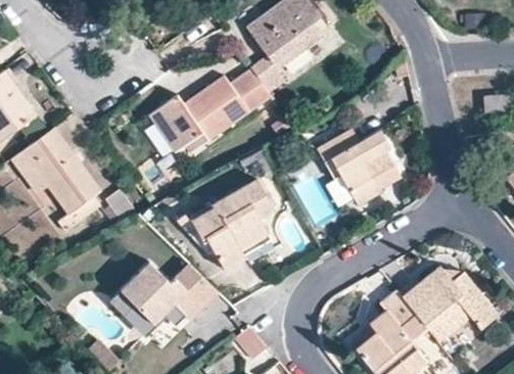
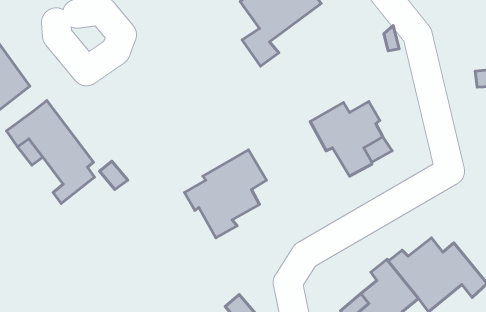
building: [149,69,271,151] -> none
building: [112,263,216,332] -> none

